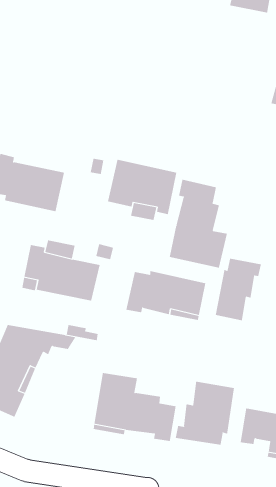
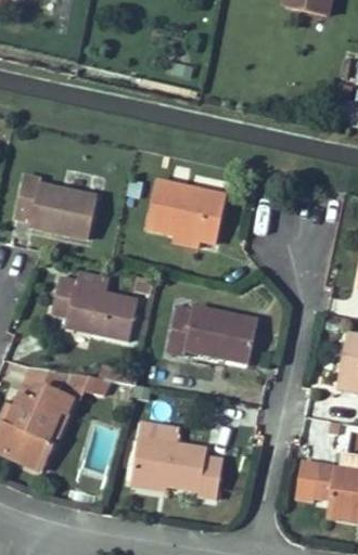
building: [169,179,227,269] -> none
building: [215,258,262,321] -> none
building: [175,381,234,446] -> none

